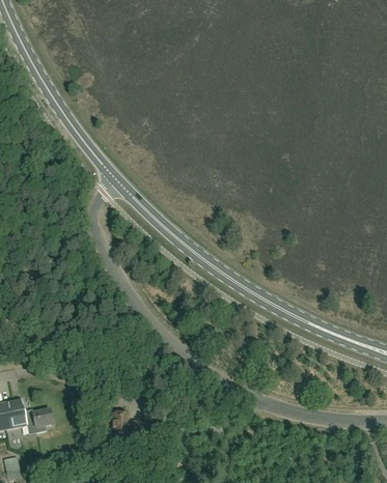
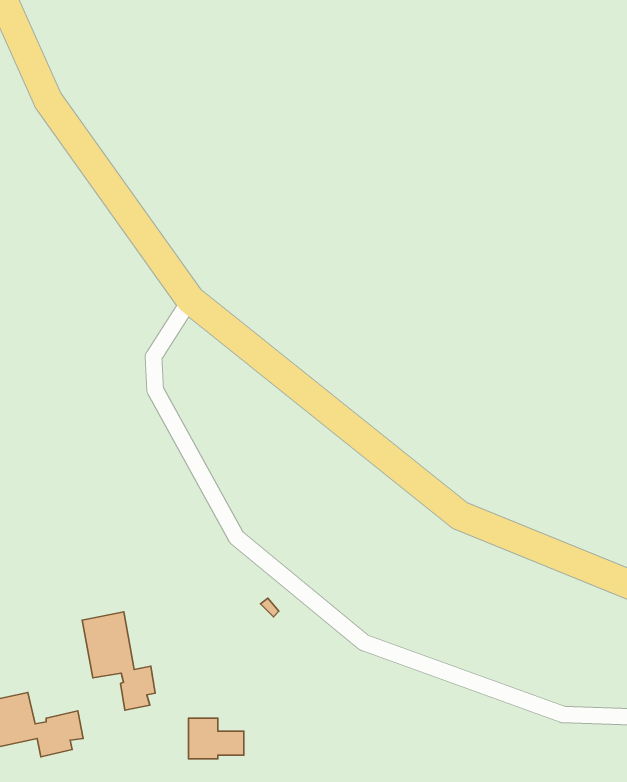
building: none -> [82,612,155,710]

